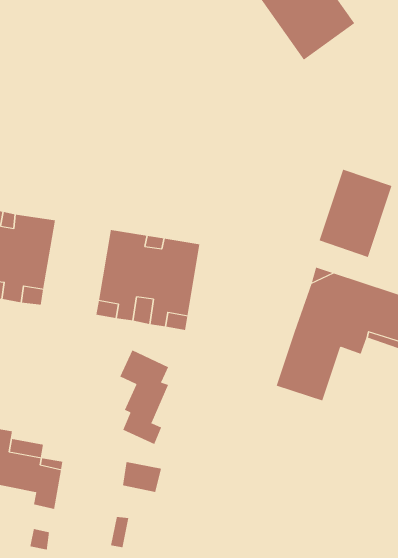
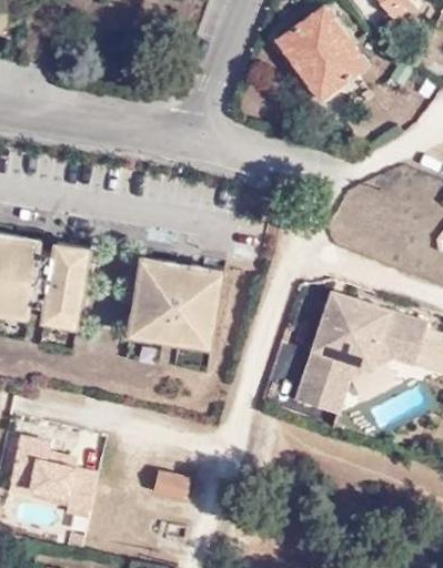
building: [319,169,392,258] -> none
building: [119,349,169,445] -> none

